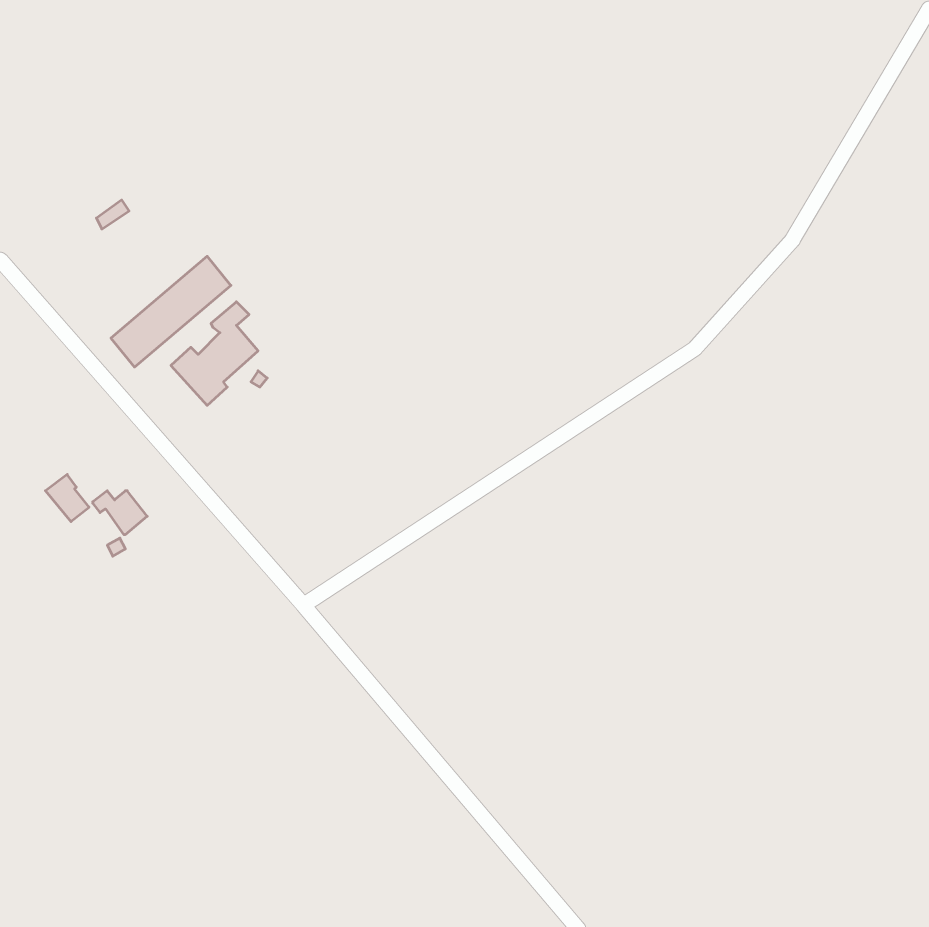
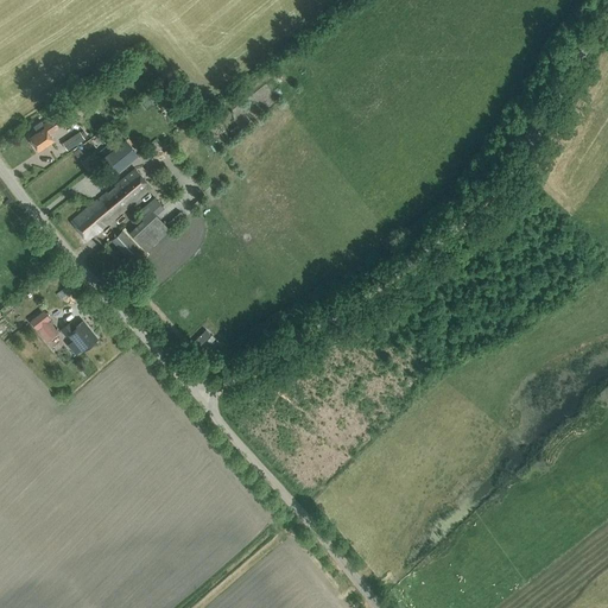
building: none -> [30,116,62,151]
building: none -> [102,139,138,173]

